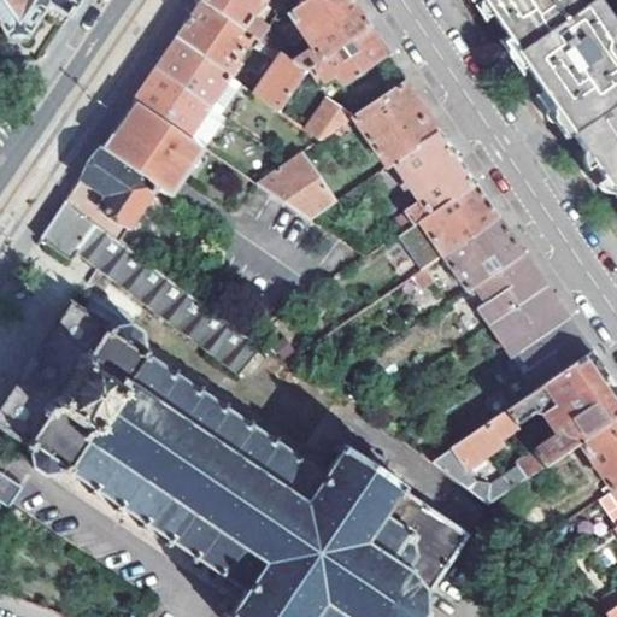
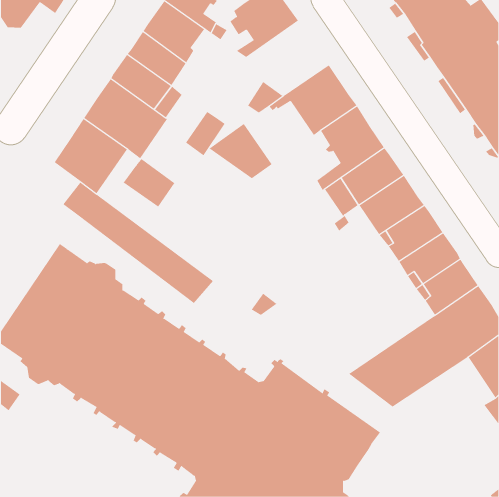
building: [312,25,388,86] -> none
building: [254,55,304,111] -> [185,111,225,156]
building: none -> [123,158,175,207]
building: [40,200,99,260] -> none

